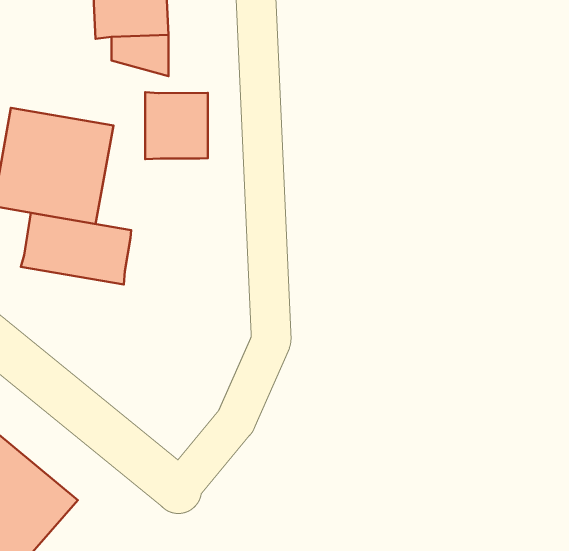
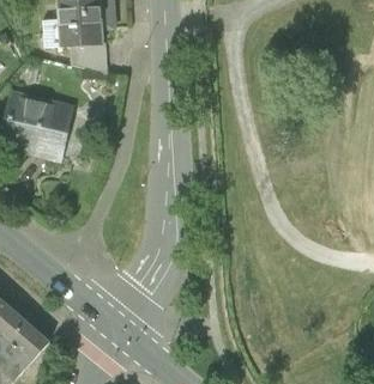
building: [145,92,208,159] -> none
building: [21,213,131,285] -> none

